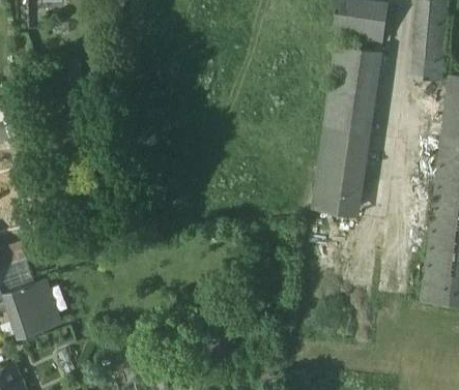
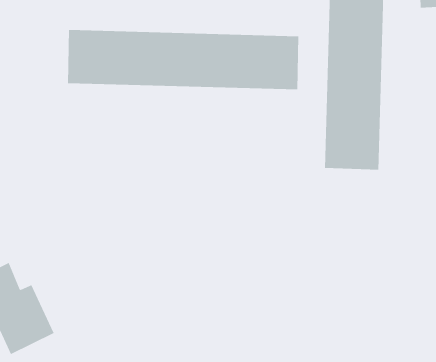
building: none -> [67,29,299,90]

